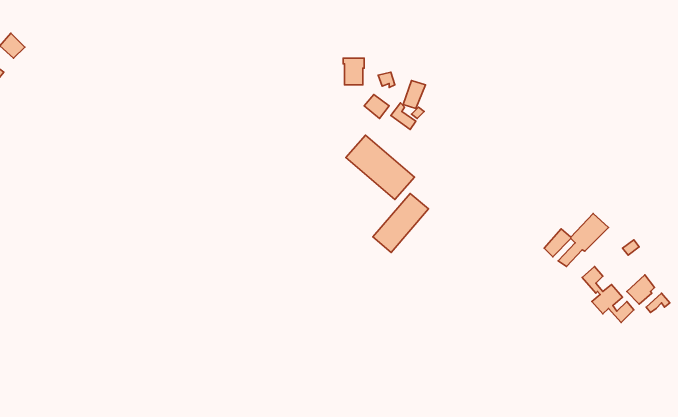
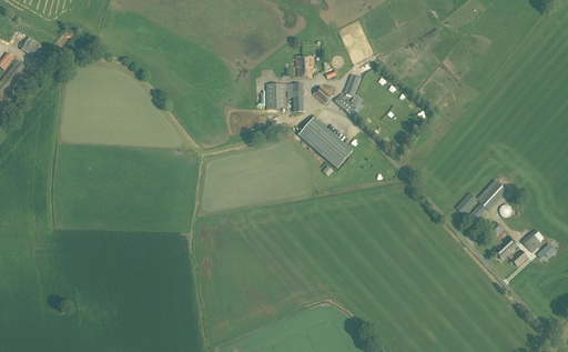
building: none -> [265,82,303,109]
building: [373,193,429,252] -> none

